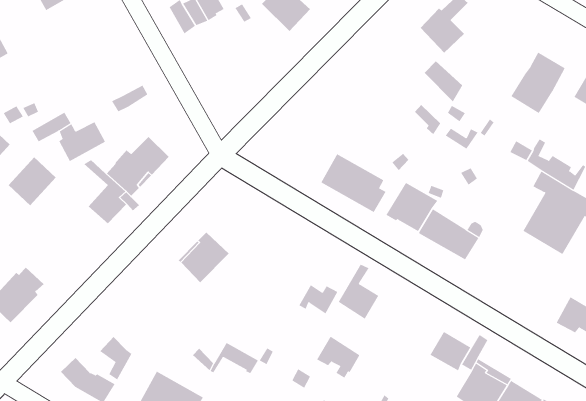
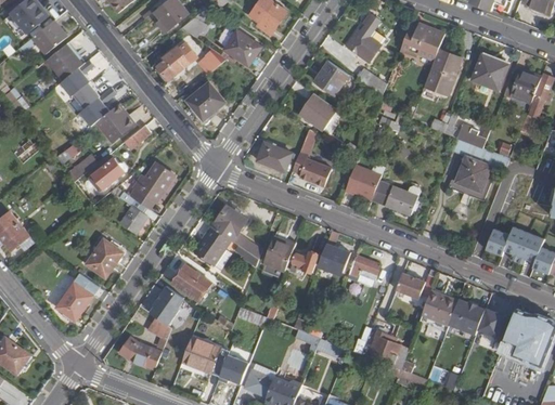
building: none -> [399,23,444,61]
building: none -> [57,83,100,119]
building: none -> [313,61,348,94]
building: none -> [186,81,224,119]
building: none -> [94,103,133,141]
building: none -> [298,92,337,130]
building: none -> [257,142,292,171]
building: [8,156,57,206] -> [86,238,121,276]
building: none -> [211,205,261,259]
building: none -> [264,236,295,271]
building: none -> [171,266,210,301]
building: none -> [147,286,183,325]
building: [316,336,360,379] -> [347,254,379,285]

